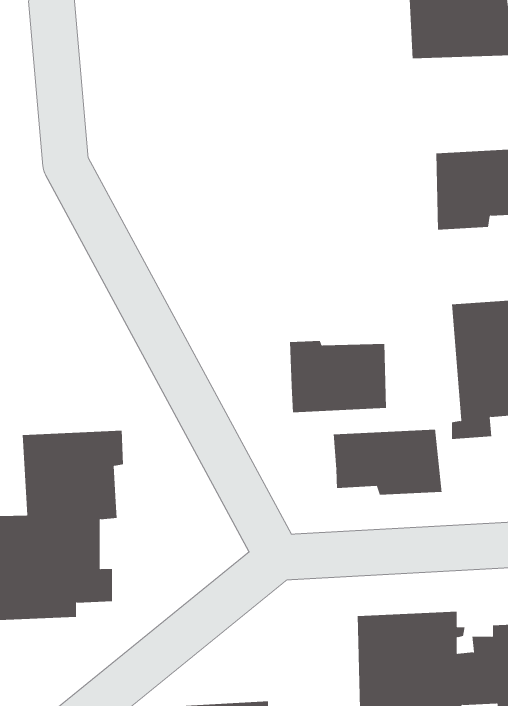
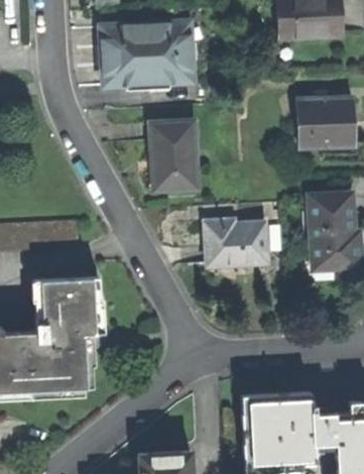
building: none -> [104,23,196,86]
building: none -> [149,119,196,190]
building: [333,429,442,495] -> none

